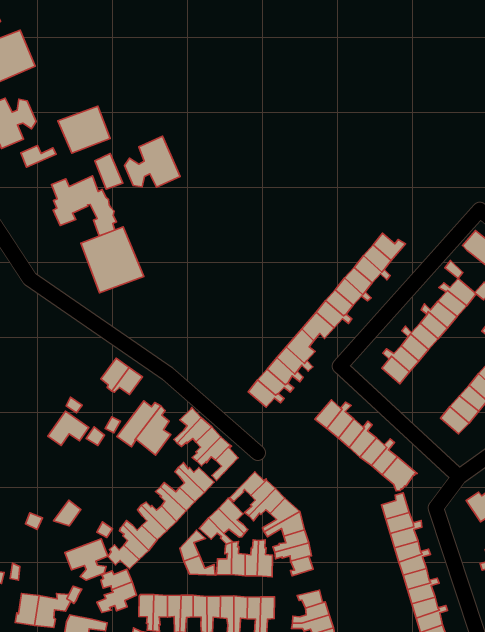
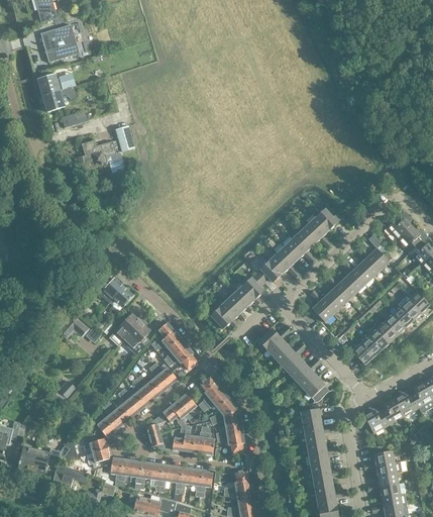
building: [58,106,110,153] -> none
building: [124,136,180,187] -> none
building: [81,227,144,293] -> none
building: [65,539,108,580] -> none

